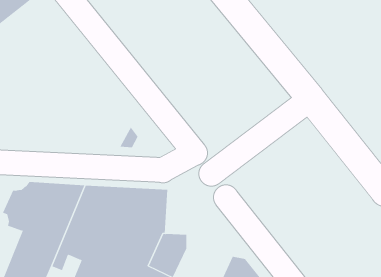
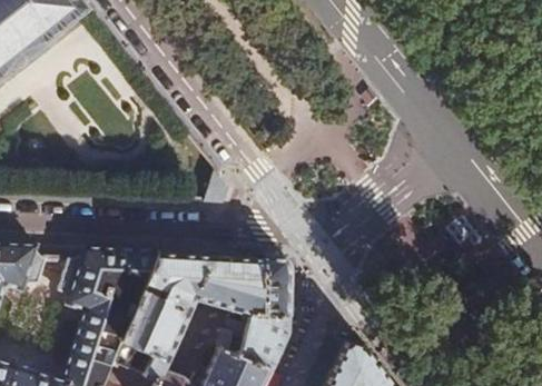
building: none -> [260,260,290,318]

